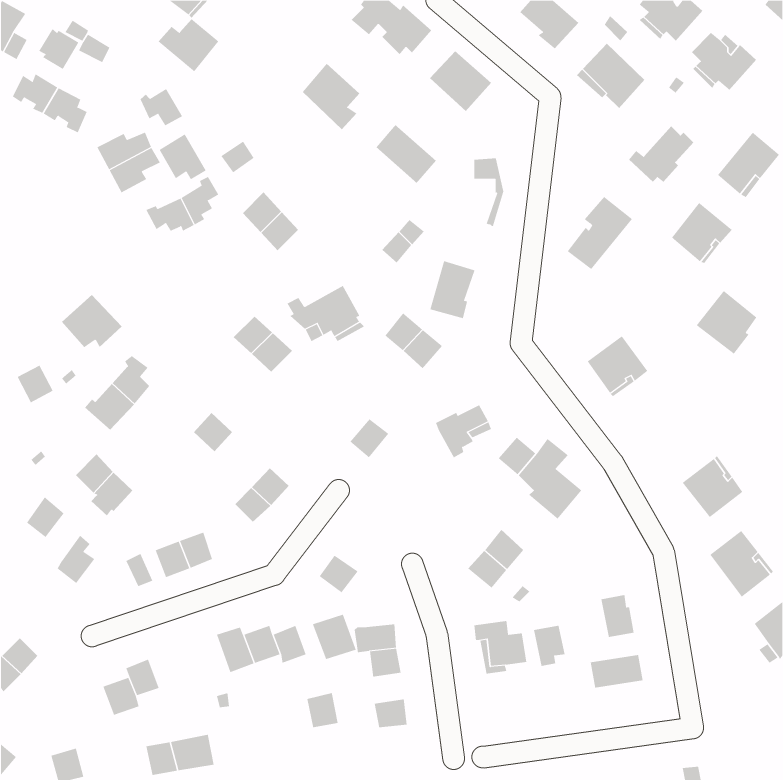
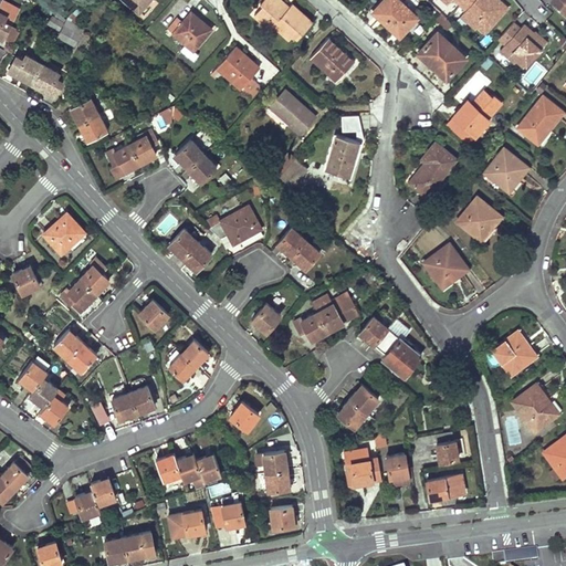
building: [158,18,219,72] -> [167,13,211,52]
building: [39,28,79,70] -> none
building: [140,88,183,126] -> none
building: [159,133,206,180] -> none
building: [430,261,476,319] -> [325,135,358,177]
building: [696,290,757,354] -> [457,197,501,243]
building: none -> [293,313,327,338]
building: none -> [29,377,57,407]
building: [312,614,357,660] -> none
building: none -> [169,510,205,536]

